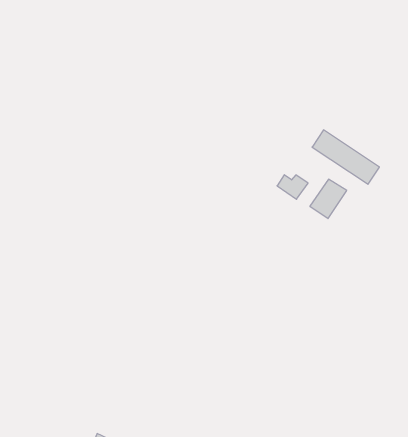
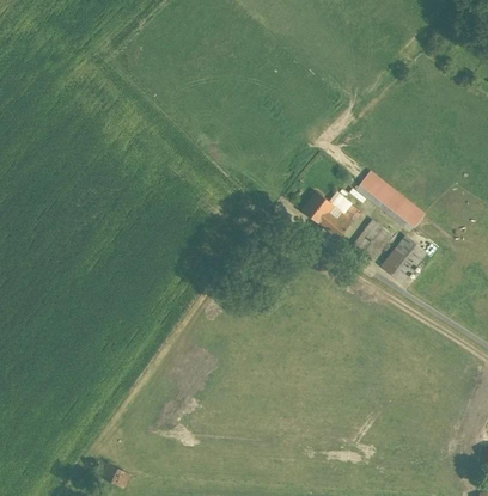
building: none -> [300,192,333,223]
building: none -> [382,237,426,282]

